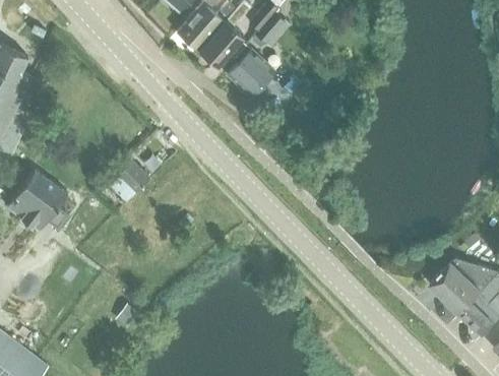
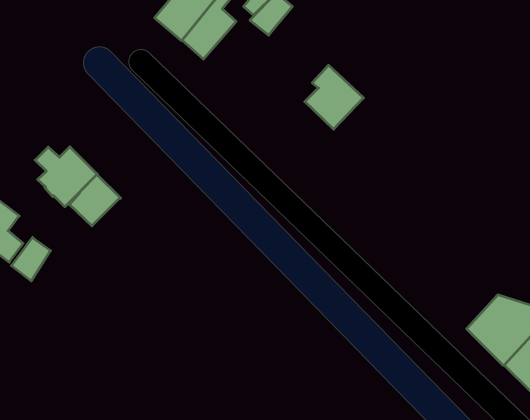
building: [228,45,275,97] -> [305,65,364,129]
building: none -> [35,147,97,207]
building: none -> [11,237,51,281]

